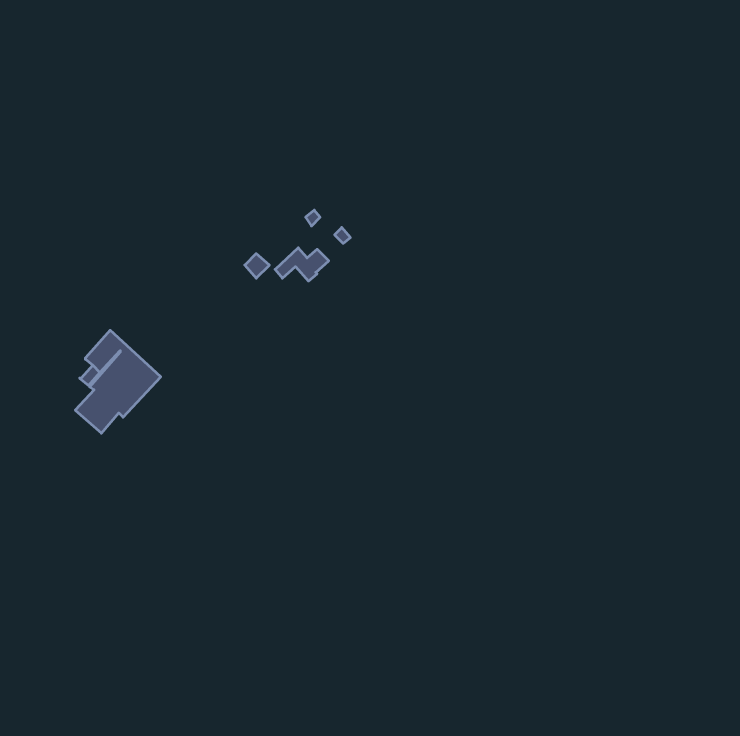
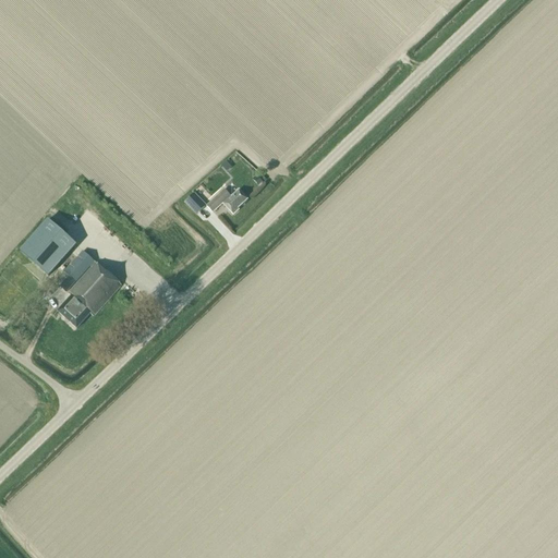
building: none -> [20,218,75,274]

